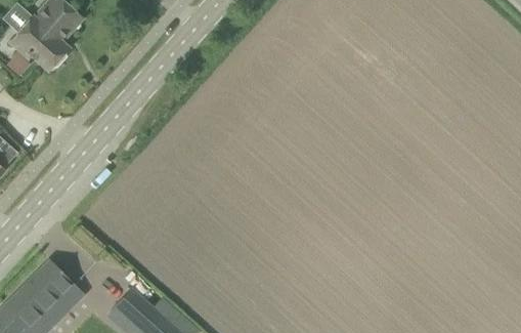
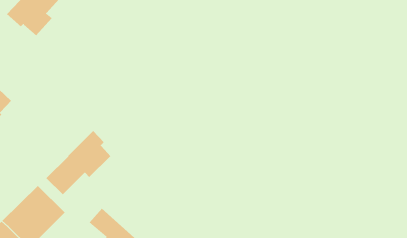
building: none -> [46,130,111,195]

